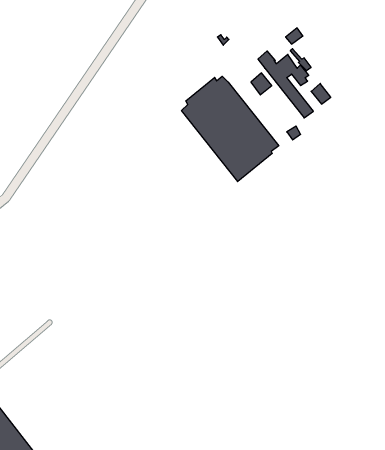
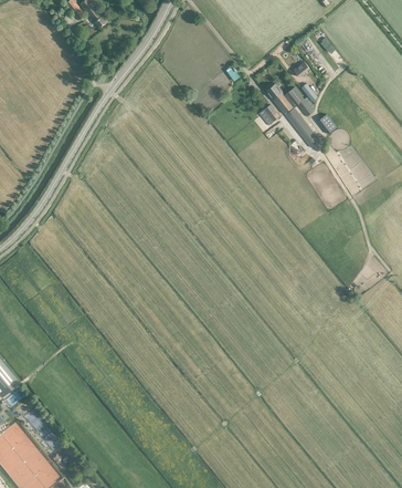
building: [182,76,279,182] -> none

